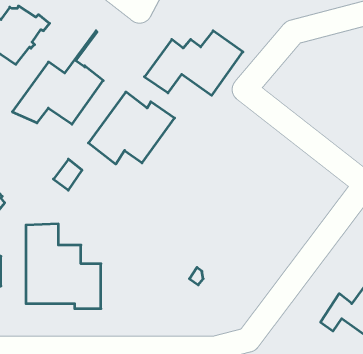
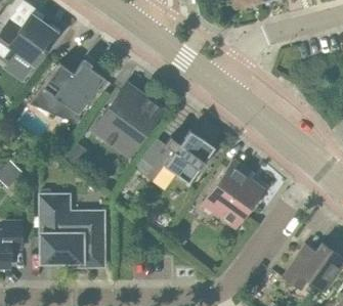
building: [144,31,243,95] -> [133,129,214,182]
building: none -> [207,160,262,227]

